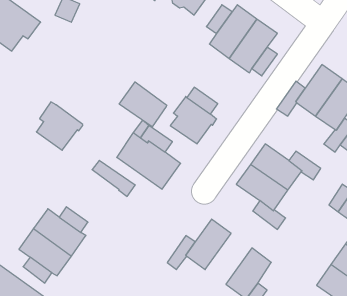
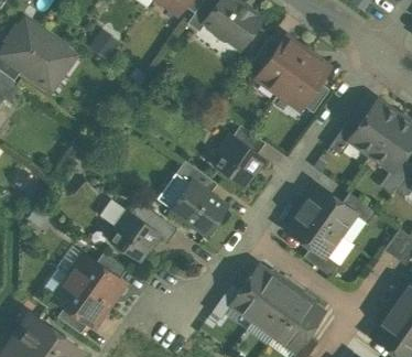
building: [119,82,167,127] -> none
building: [36,102,83,150] -> [110,210,160,262]
building: none -> [252,282,302,336]

